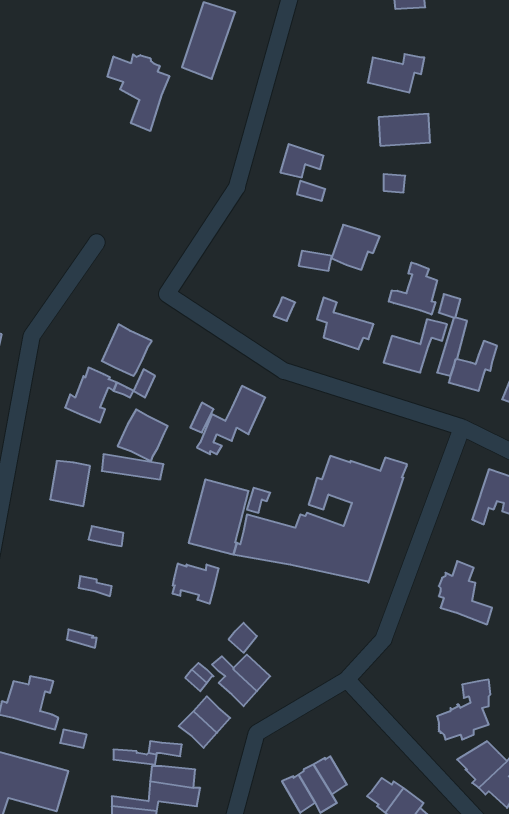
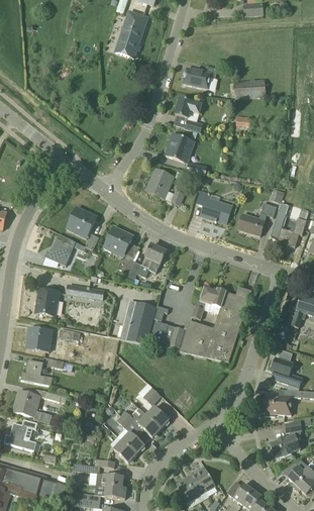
building: [368,54,424,93] -> [183,66,217,89]
building: [107,54,169,131] -> none
building: [331,225,380,270] -> [165,133,194,161]
building: none -> [148,168,173,198]
building: [389,262,437,315] -> none
building: [118,409,168,461] -> [103,225,133,257]
building: none -> [26,327,51,351]
building: [173,563,219,604] -> none
building: none -> [20,359,53,385]
building: none -> [12,390,53,423]
building: none -> [265,390,301,416]

